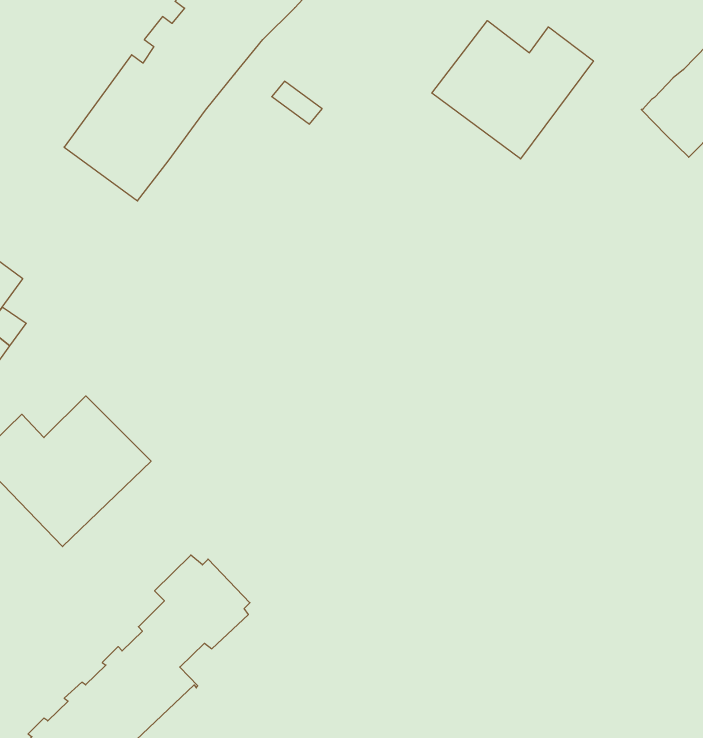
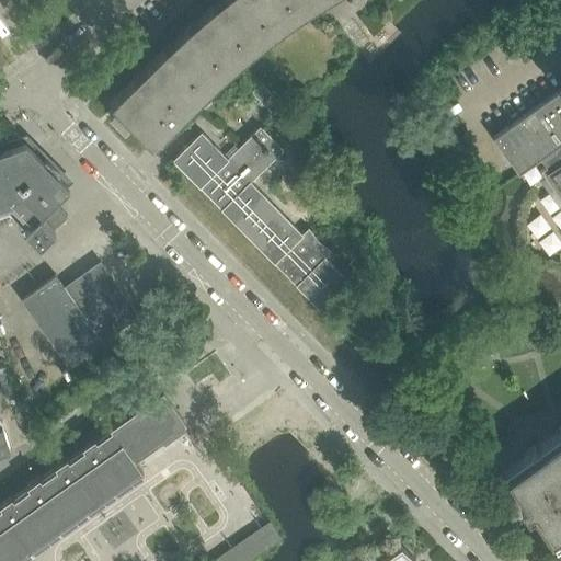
building: [432,21,593,159] -> none
building: none -> [174,130,353,316]

